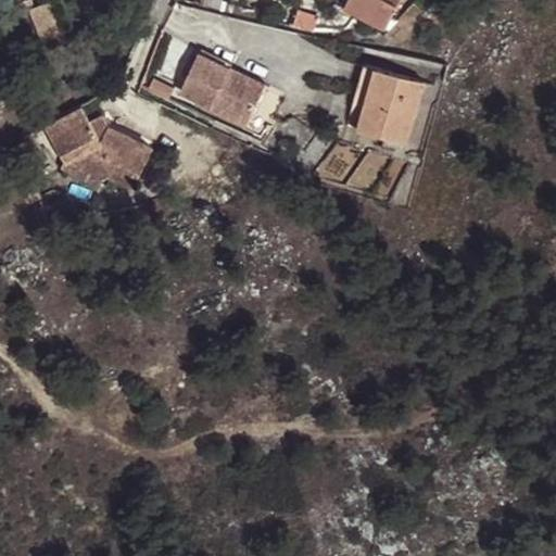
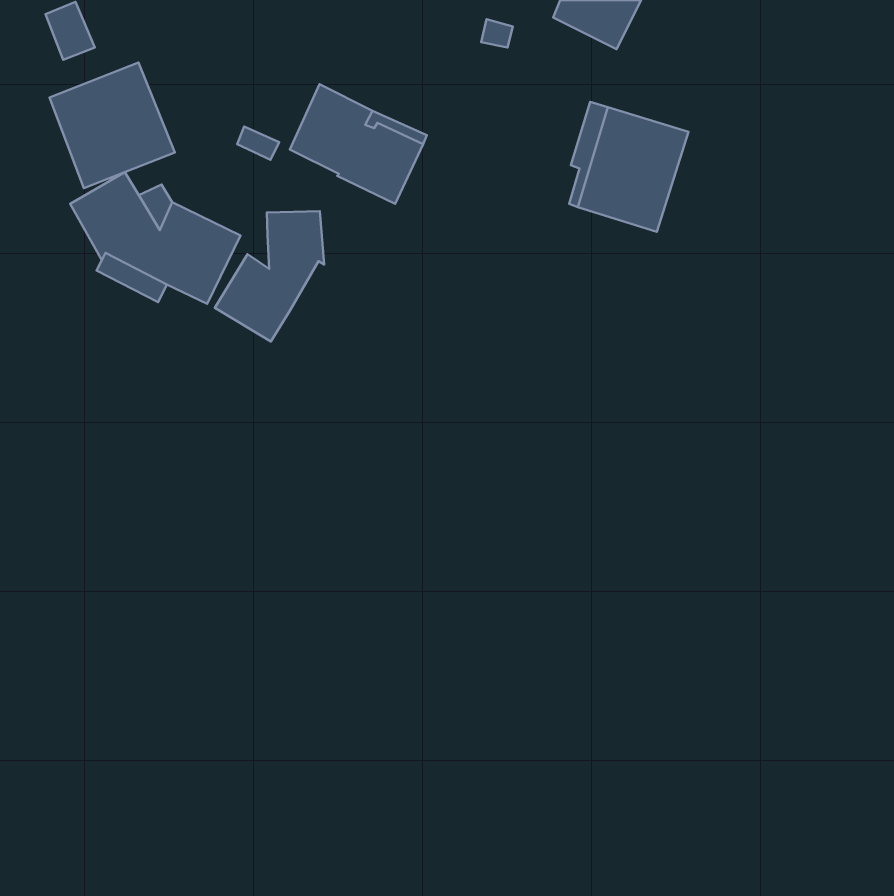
building: none -> [49,62,175,188]
building: none -> [215,211,324,341]

